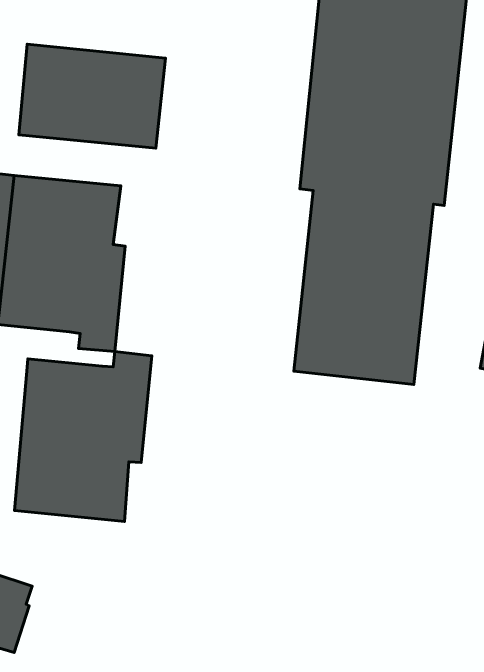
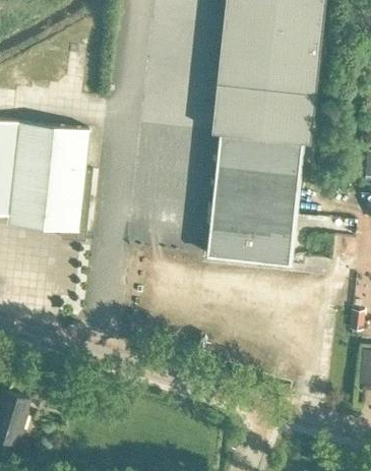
building: [19,44,166,148] -> none
building: [14,351,152,522] -> none

